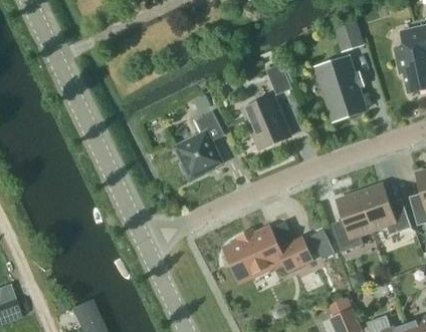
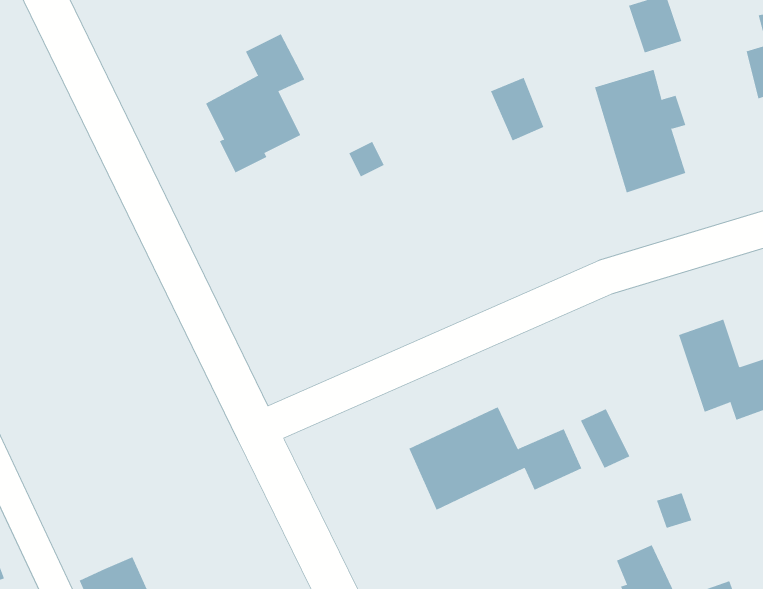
building: [243,94,289,148] -> none
building: [175,110,225,181] -> [205,33,305,173]
building: [333,191,373,251] -> none

